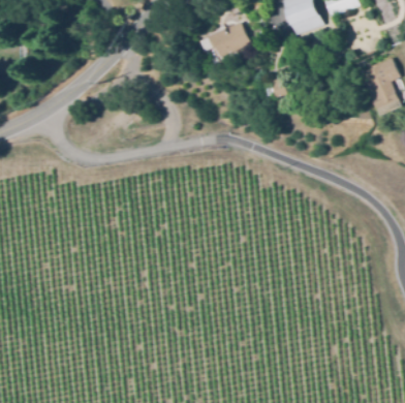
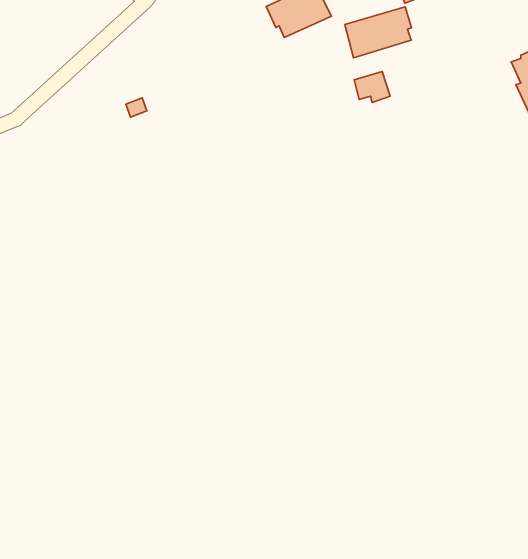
building: none -> [345,7,412,58]

